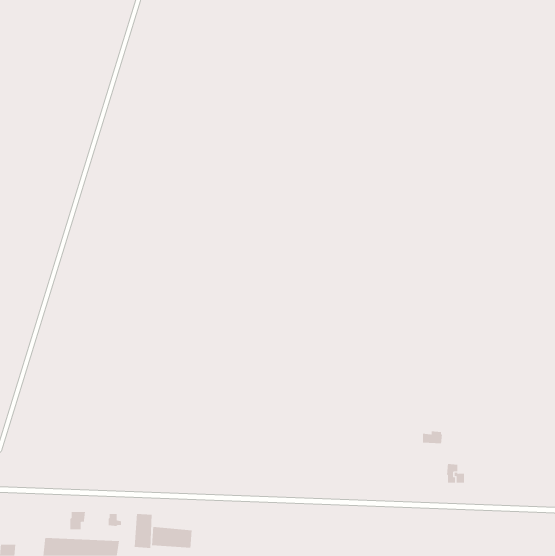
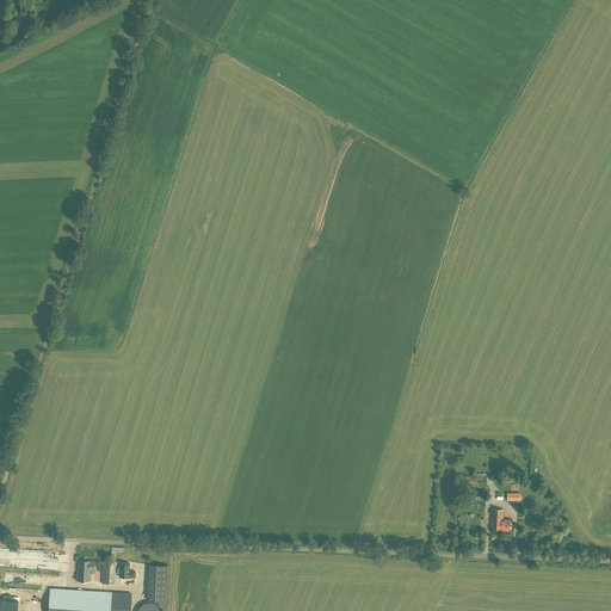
building: [152,526,192,549] -> none

